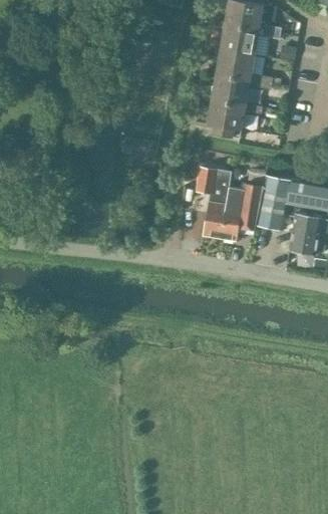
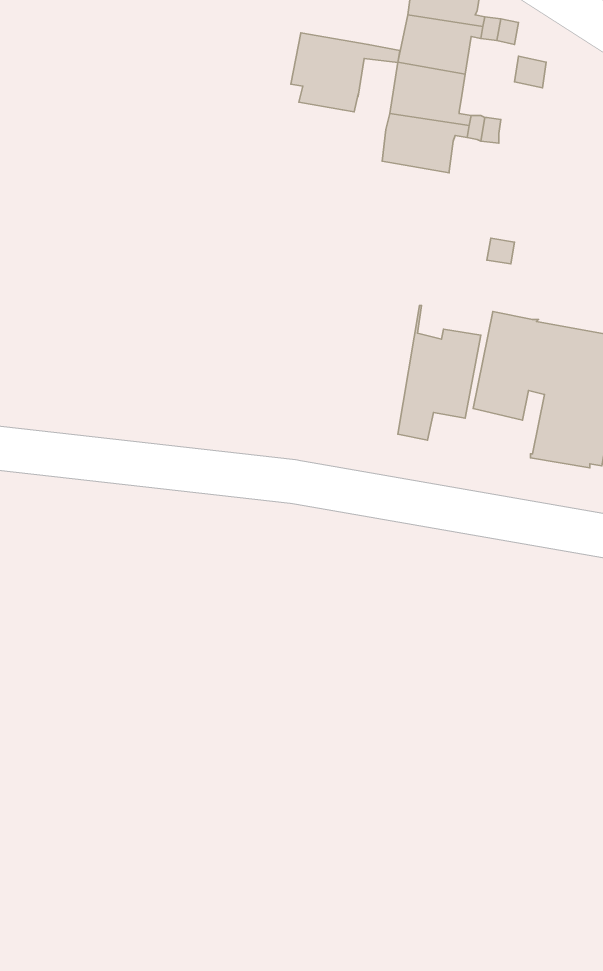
building: [207,98,262,139] -> [291,33,400,112]
building: [197,167,231,237] -> none

